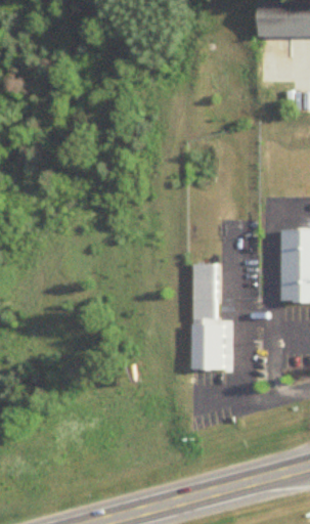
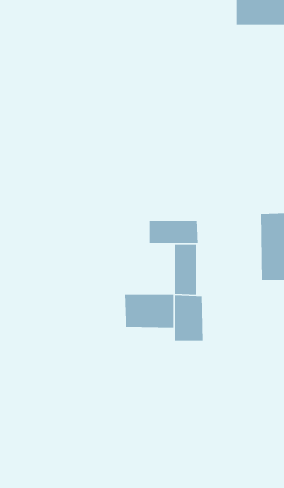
building: none -> [149,220,199,244]
building: none -> [124,294,174,329]

